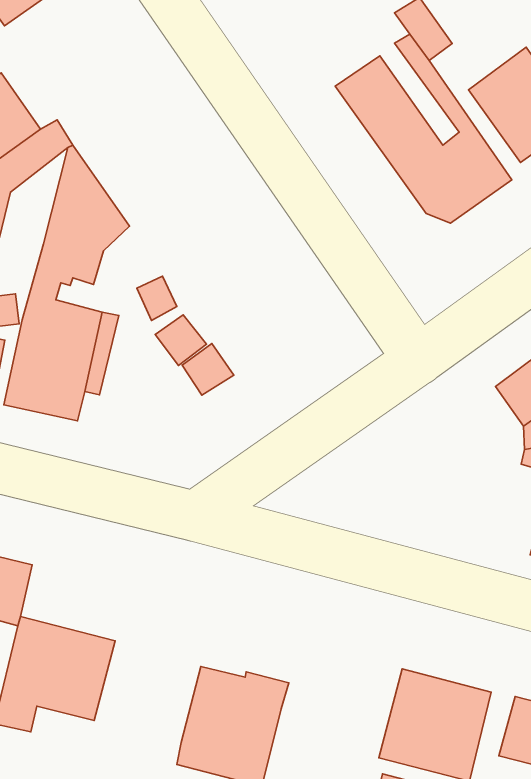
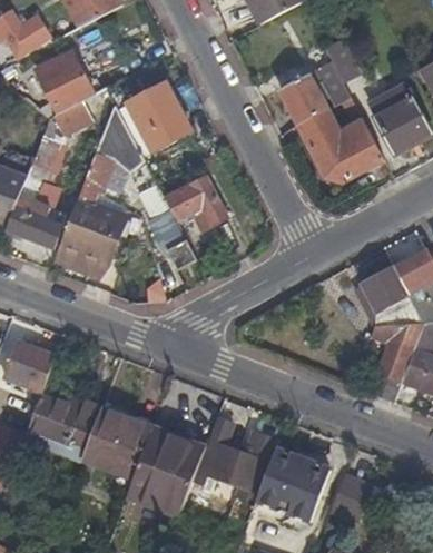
building: none -> [126,81,190,150]
building: none -> [165,176,227,224]
building: none -> [201,418,282,506]
building: none -> [85,414,156,482]

